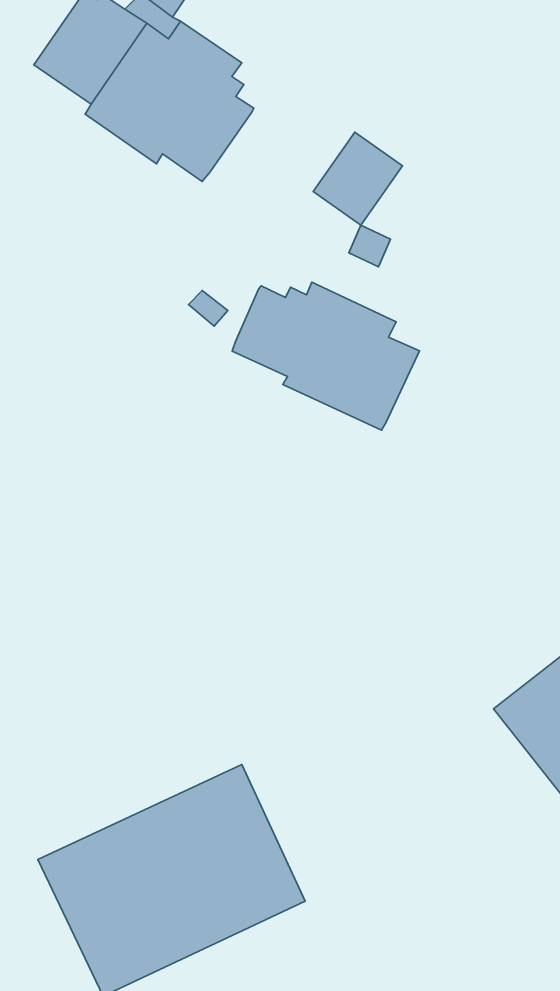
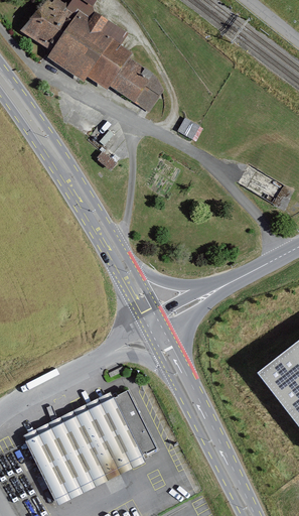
building: [313,132,402,225] -> [113,59,158,107]
building: [232,282,419,430] -> none

